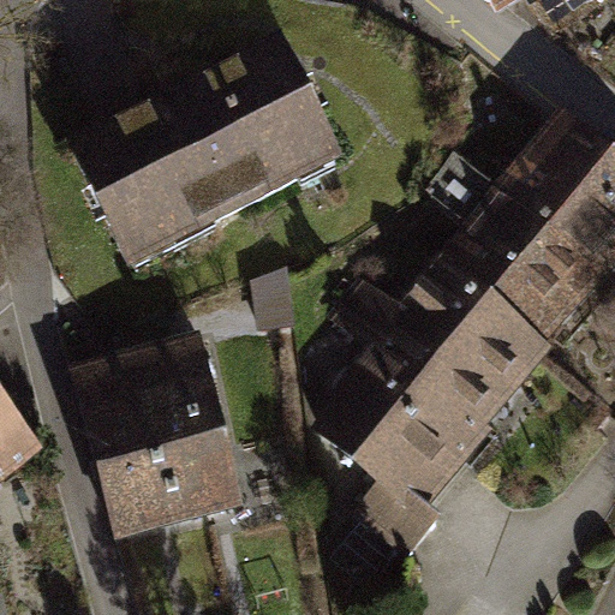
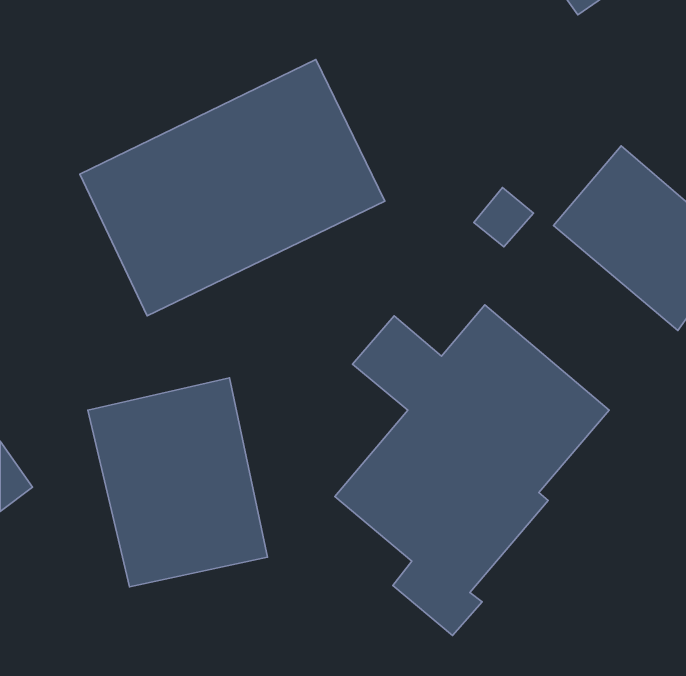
building: [435,201,607,365] -> none

